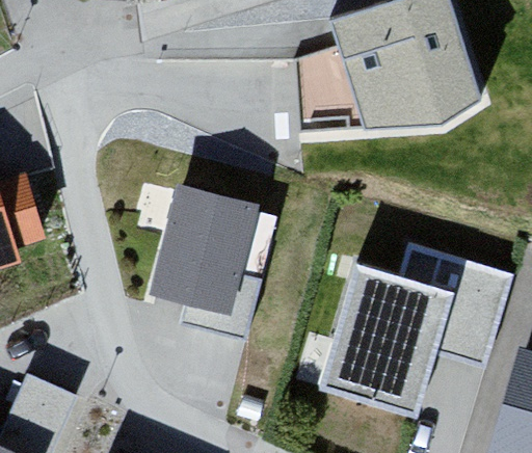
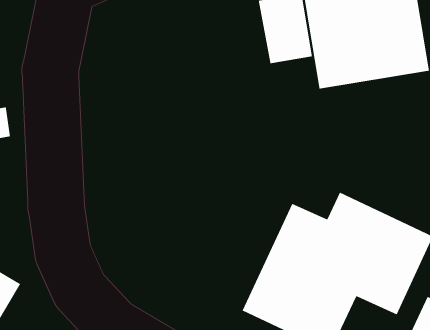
building: [158,189,268,317] -> none

